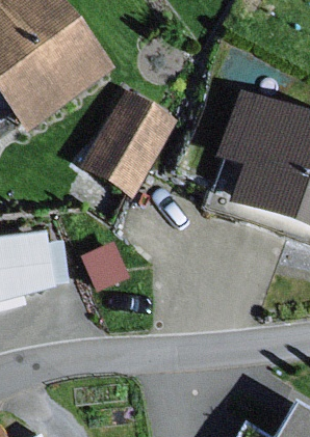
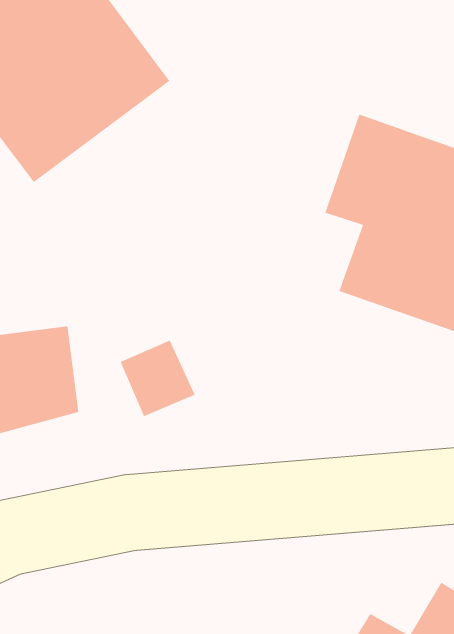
building: [81,86,181,195] -> none

